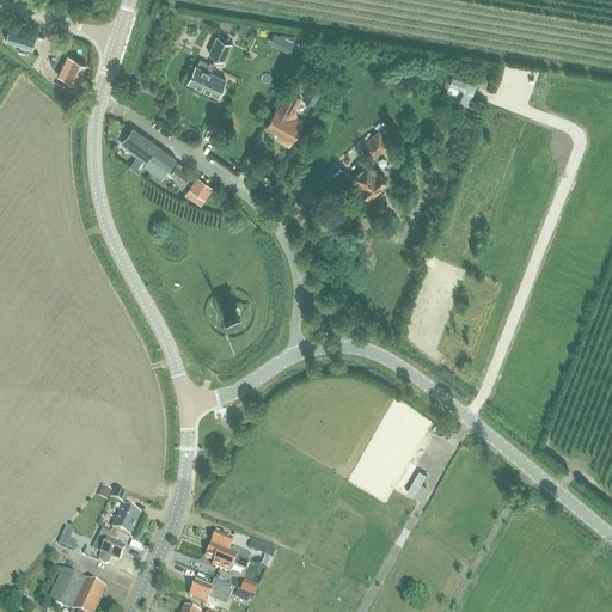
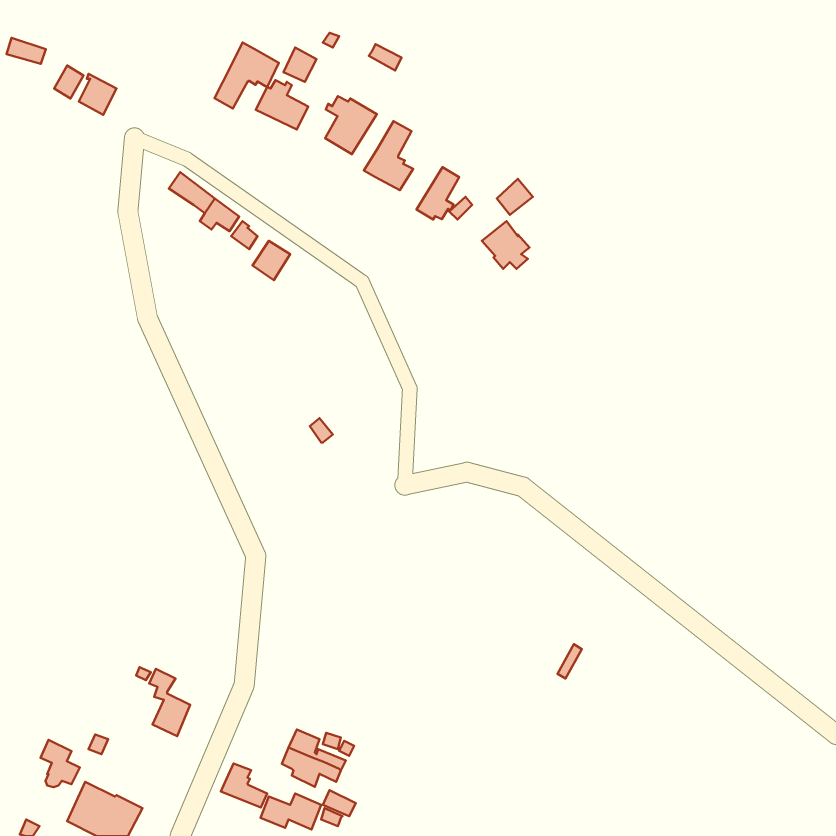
building: none -> [214,42,279,108]
building: none -> [325,96,377,154]
building: none -> [416,167,459,219]
building: [94,528,123,563] -> [40,740,80,787]
building: none -> [221,763,267,808]

